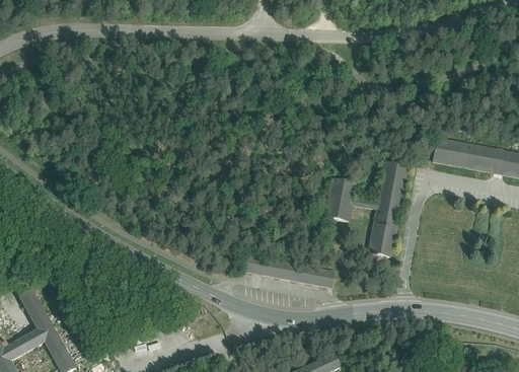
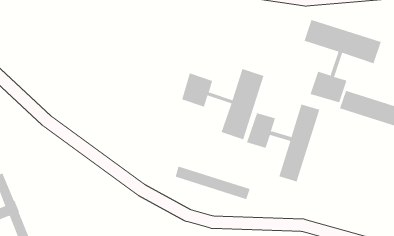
building: none -> [304,19,381,103]
building: none -> [182,68,264,140]

